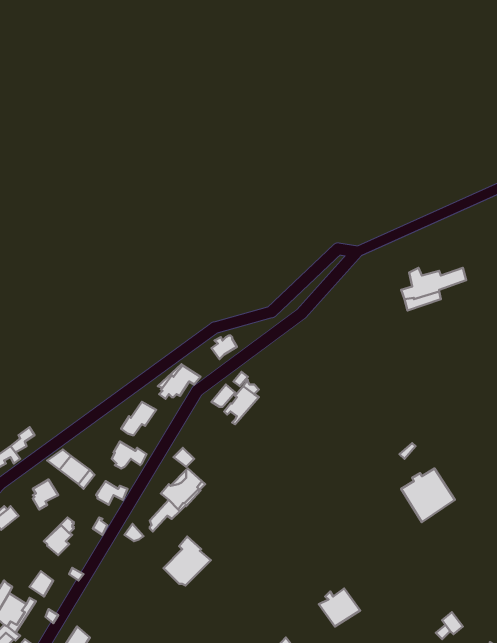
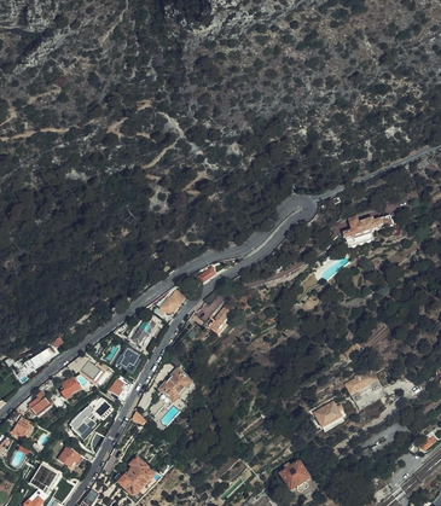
building: none -> [313,402,344,434]
building: [163,537,211,586] -> [117,458,153,495]

